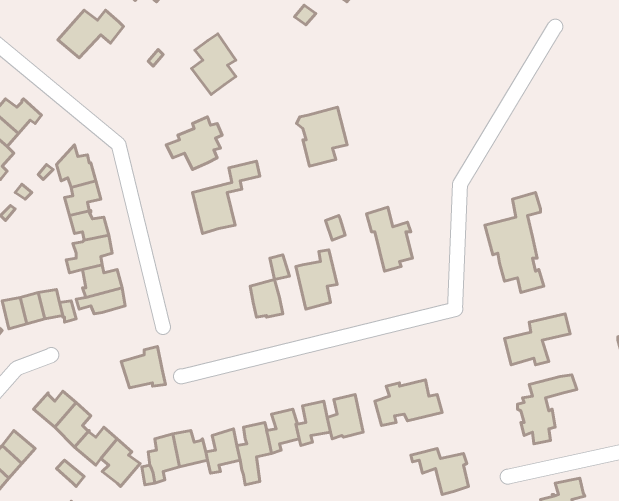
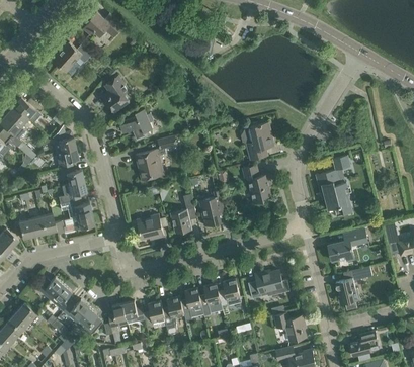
building: [191,34,236,95] -> [102,75,130,112]
building: [296,107,347,166] -> [243,122,274,159]
building: [121,347,166,388] -> [137,213,164,239]

